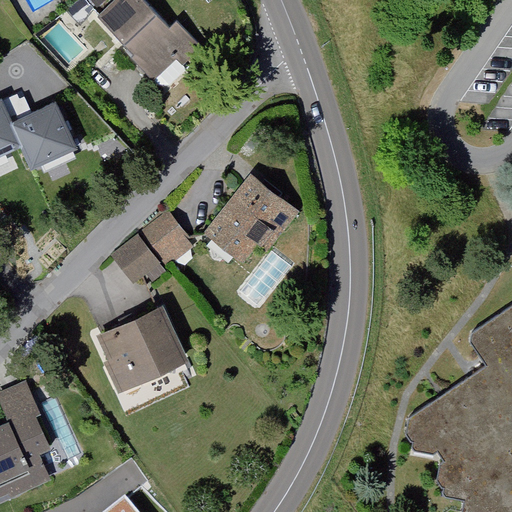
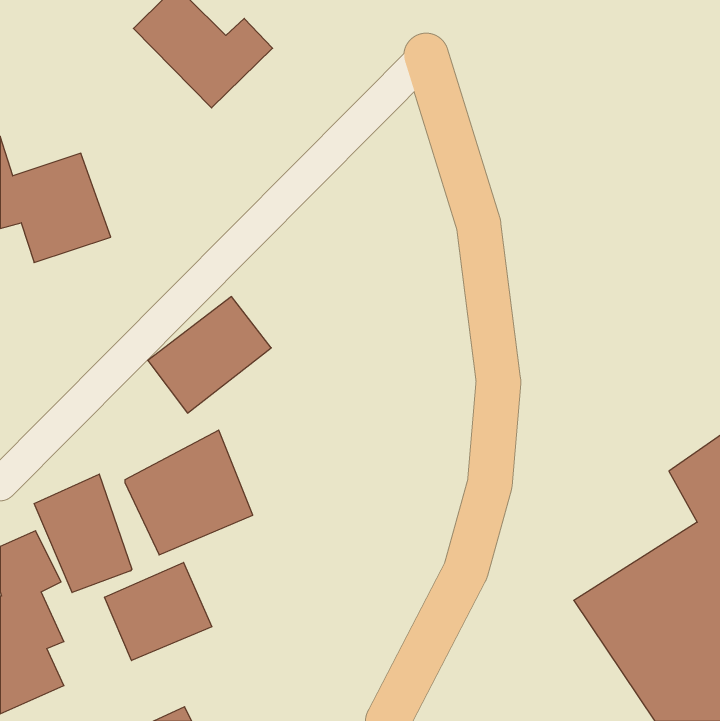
building: [198,169,296,269] -> none
building: none -> [34,474,132,593]
building: none -> [105,562,212,661]

